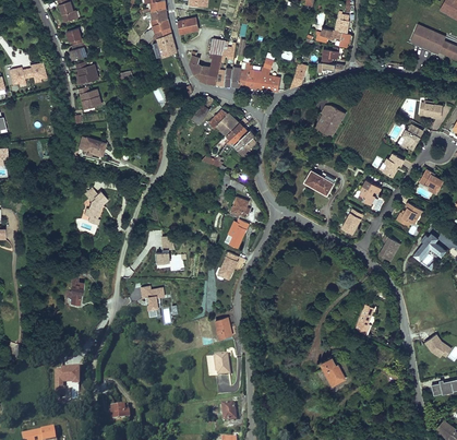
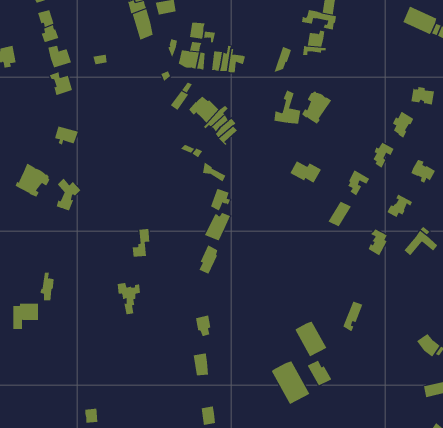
building: [253,58,279,91] -> [274,90,301,124]
building: none -> [15,163,50,198]
building: none -> [295,321,327,357]
building: none -> [271,361,310,405]
building: [53,368,79,393] -> [12,303,39,330]

